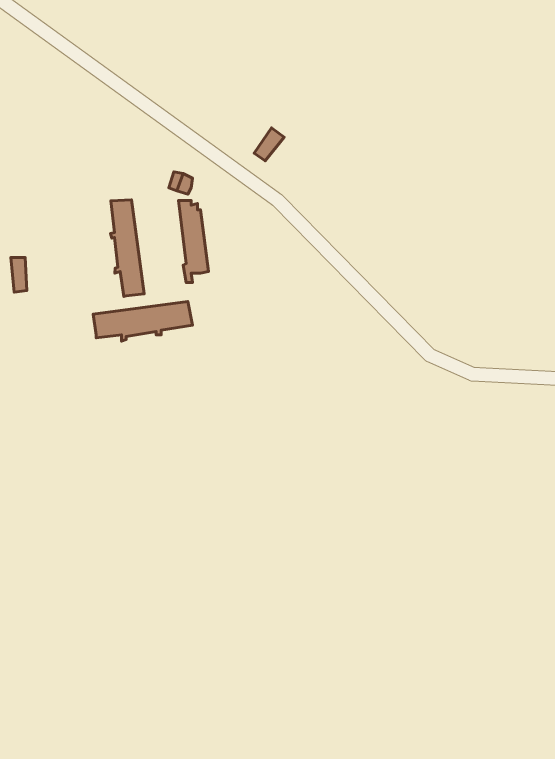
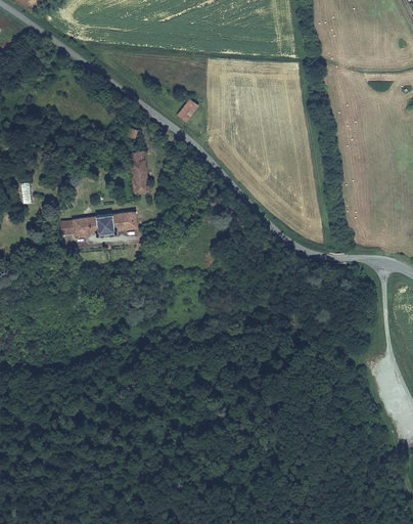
building: [111,200,144,297] -> none

